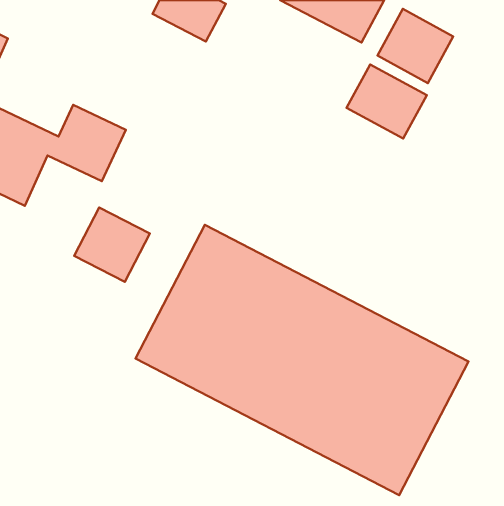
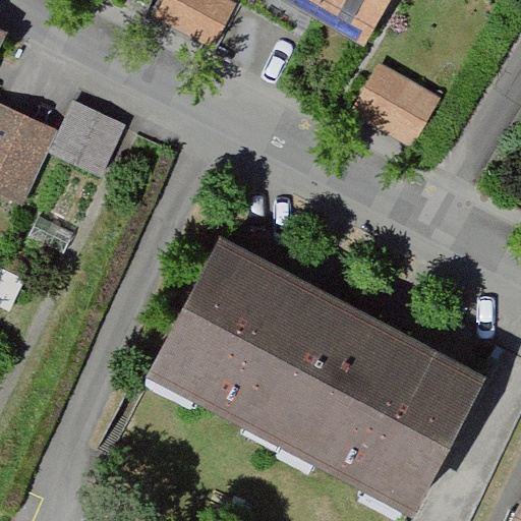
building: [377,9,453,83] -> none
building: [74,207,150,282] -> none

